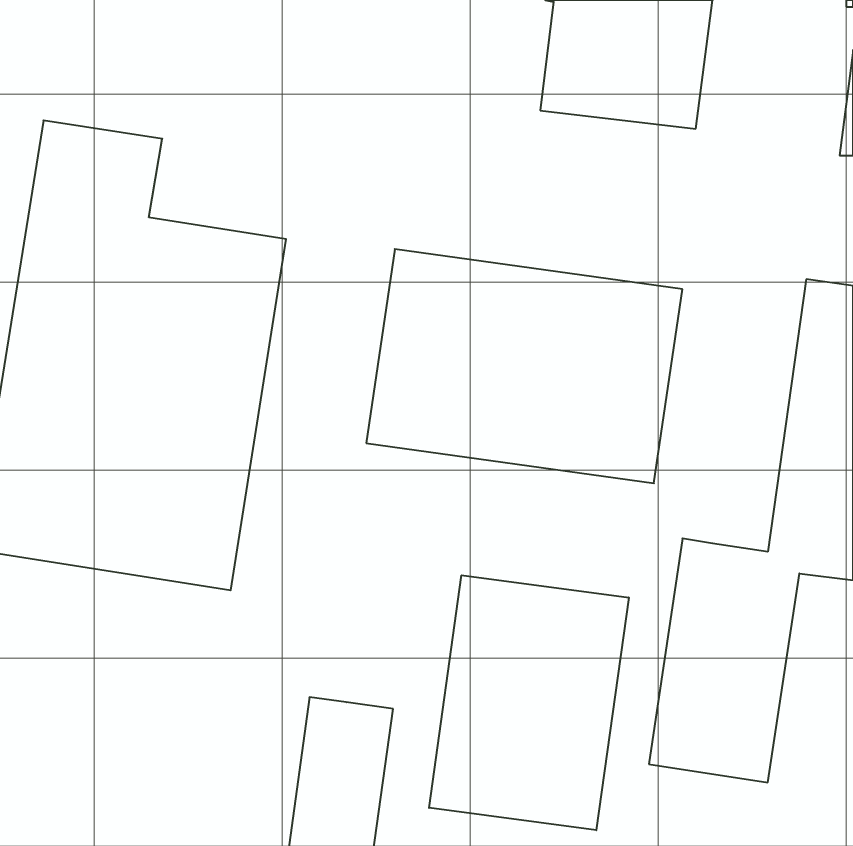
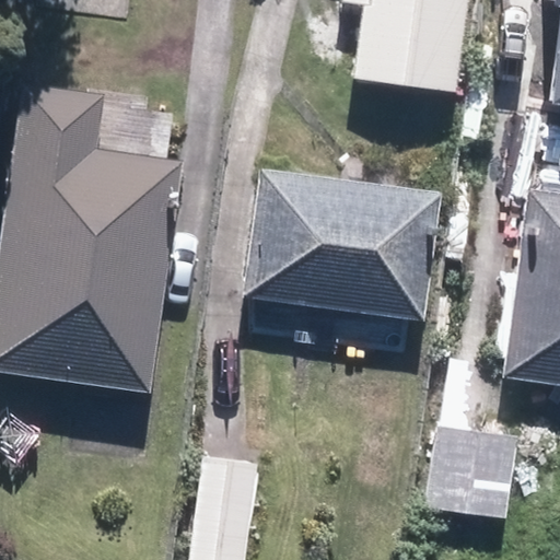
building: [429,575,629,830] -> none

